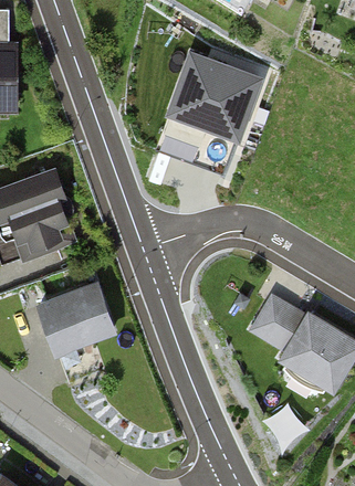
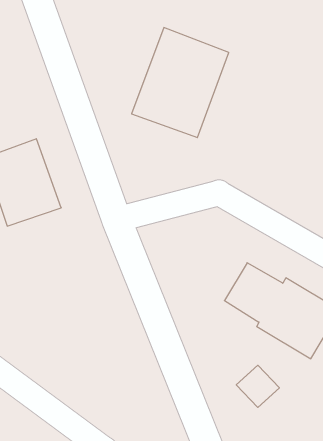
building: [29,278,113,357] -> none

